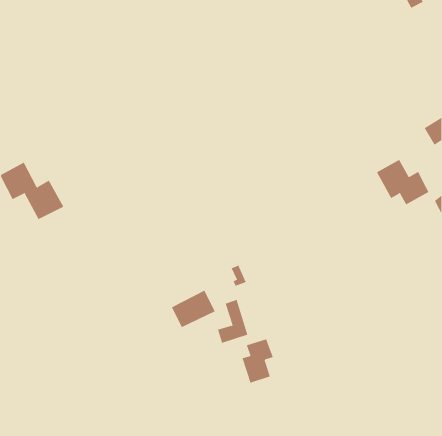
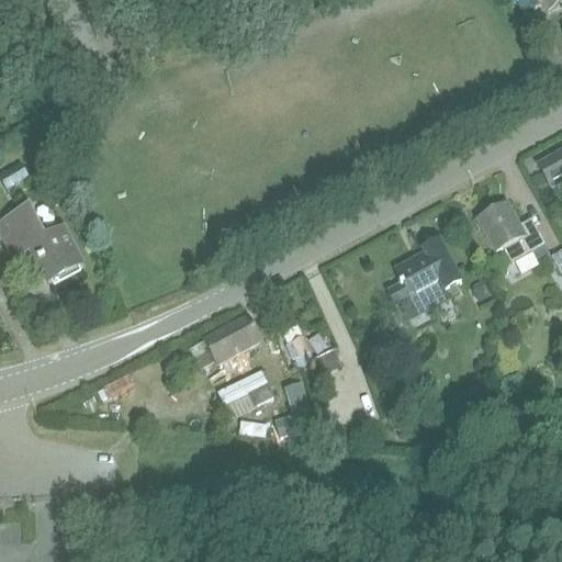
building: none -> [387,238,461,316]
building: none -> [191,314,261,364]
building: [242,338,274,383] -> none

